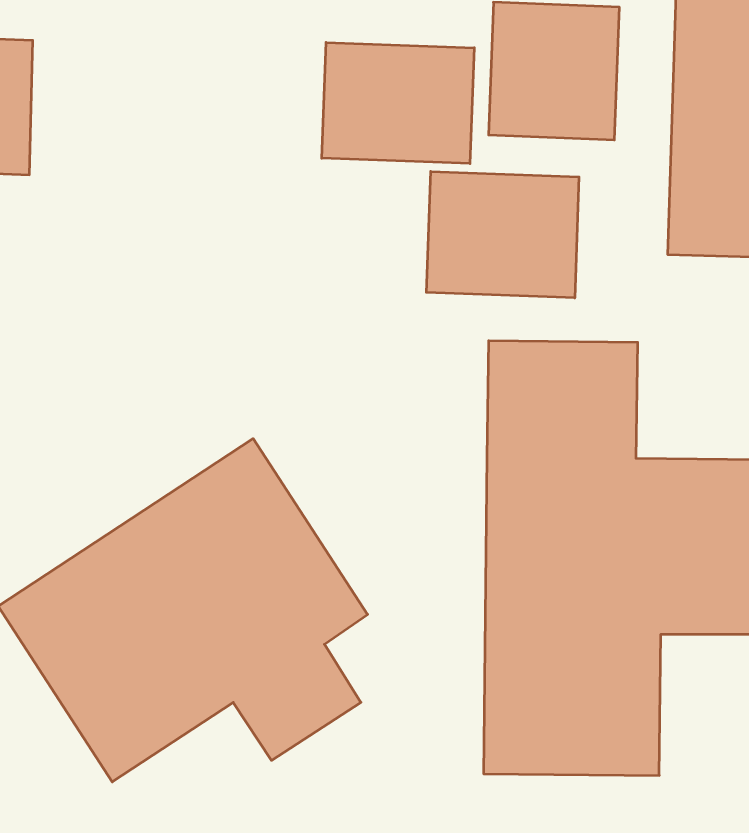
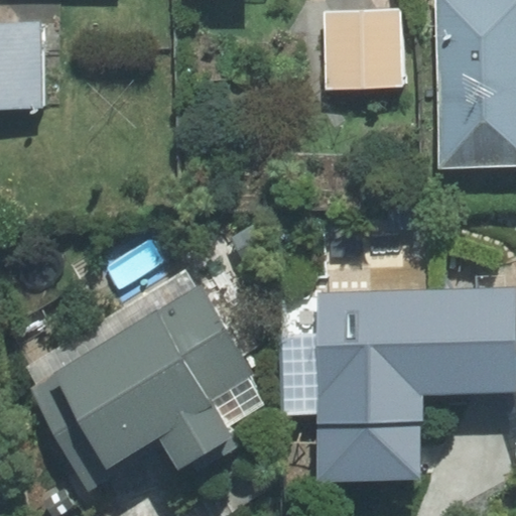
building: [322,42,474,164] -> none
building: [426,171,579,298] -> none

